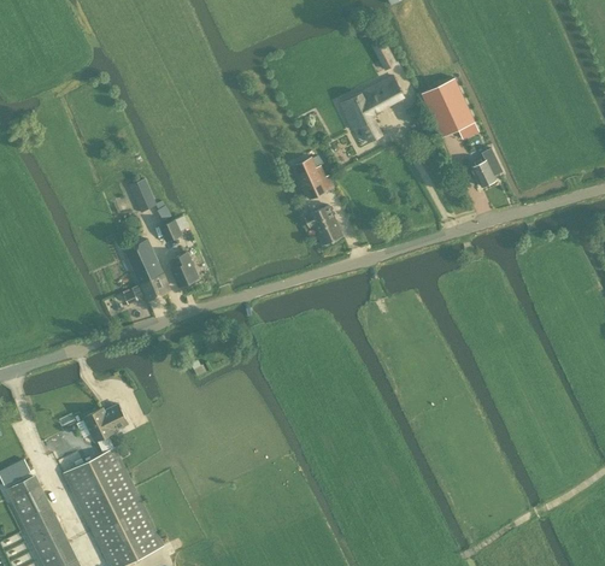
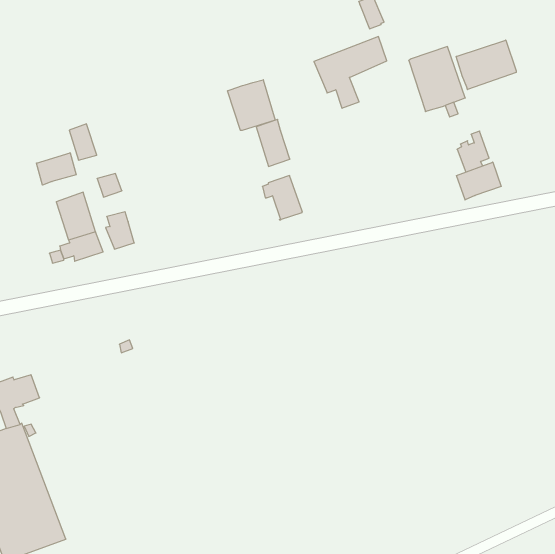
building: none -> [456,40,516,90]
building: none -> [228,80,275,130]
building: none -> [457,162,501,200]
building: none -> [36,153,76,185]

